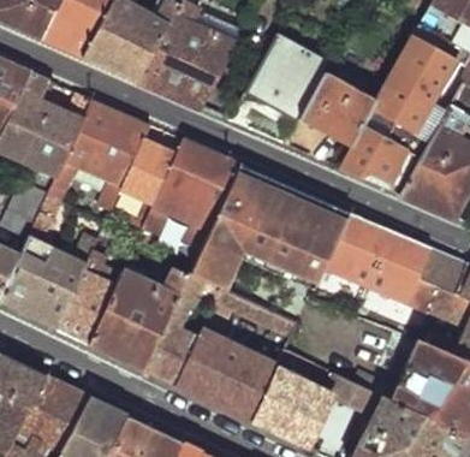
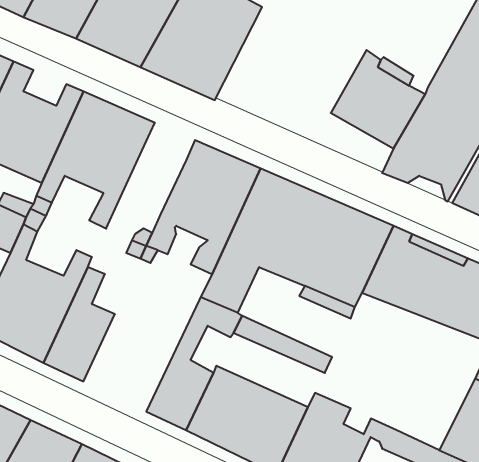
building: [244,35,328,121] -> none
building: [120,142,175,203] -> none
building: [89,269,186,369] -> none

